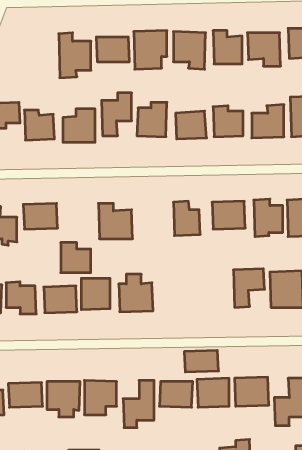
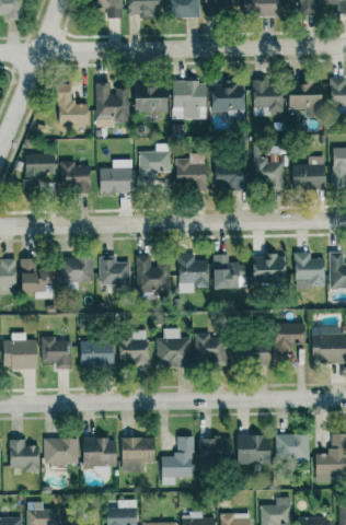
building: none -> [57,83,89,126]
building: none -> [178,255,209,293]
building: [61,243,91,273] -> [100,256,130,287]
building: none -> [195,332,223,362]
building: [184,350,219,372] -> [233,342,268,364]

